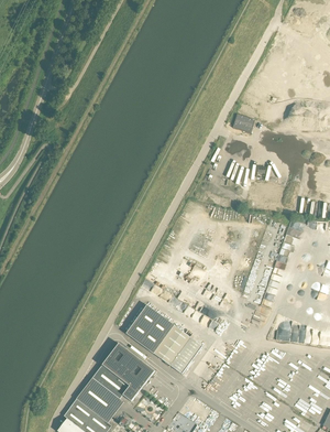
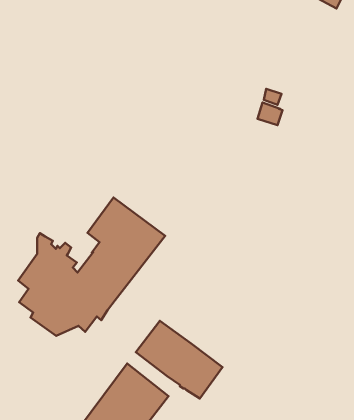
building: none -> [18,198,165,336]

